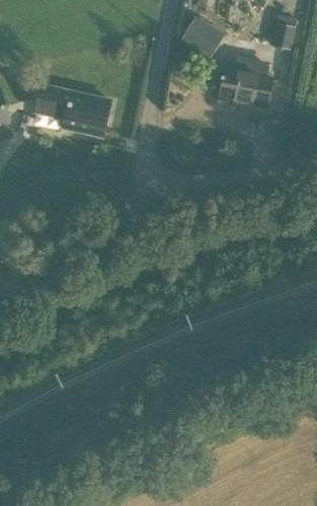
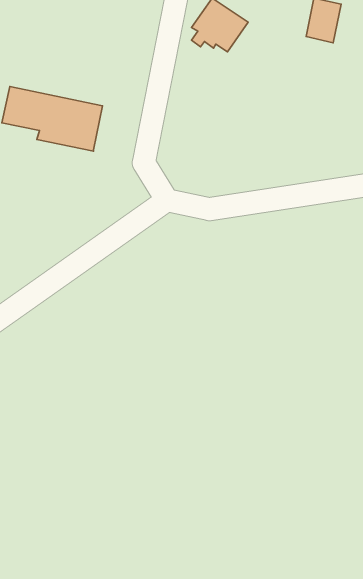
building: [217,60,286,111] -> none

